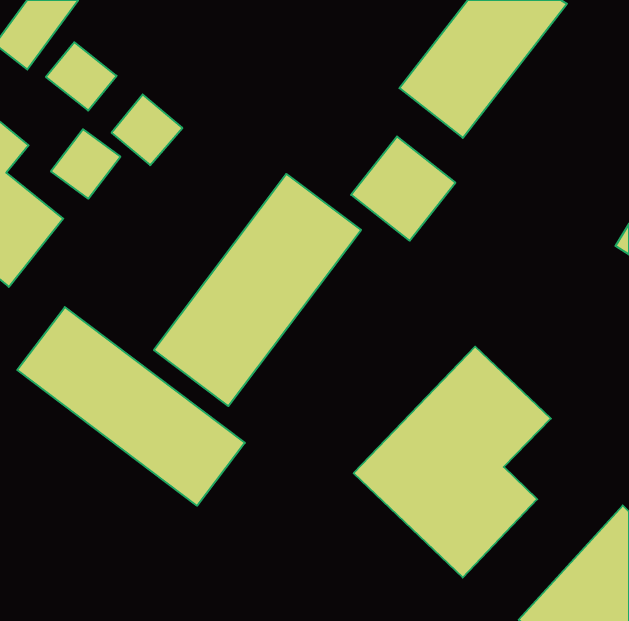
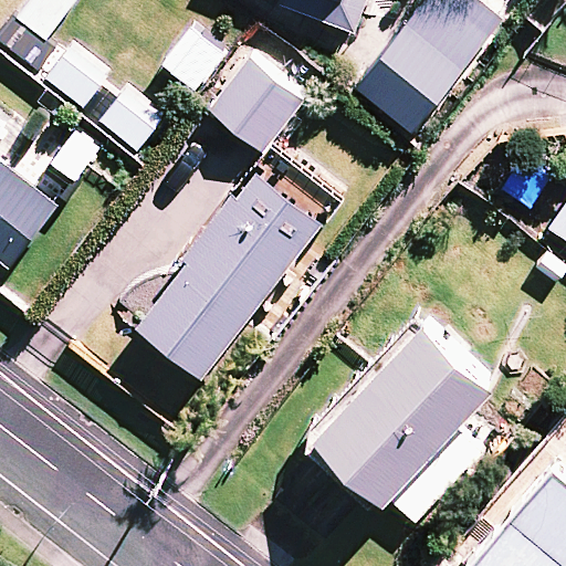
building: [351,136,455,241] -> [209,61,302,154]
building: [17,307,245,506] -> none

